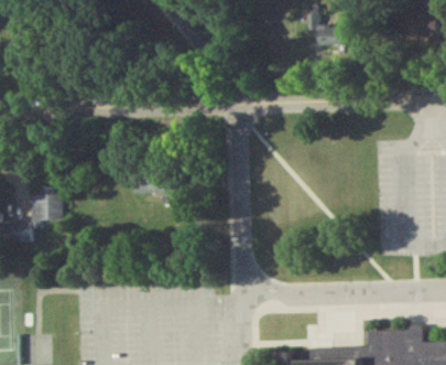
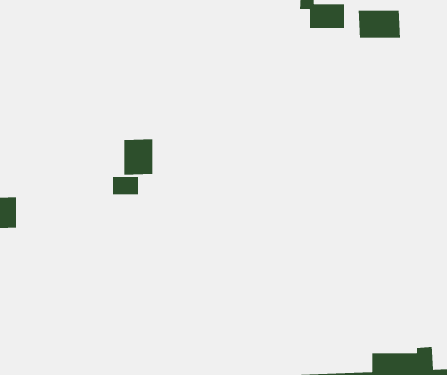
building: none -> [358,10,401,38]
building: none -> [124,138,153,176]

